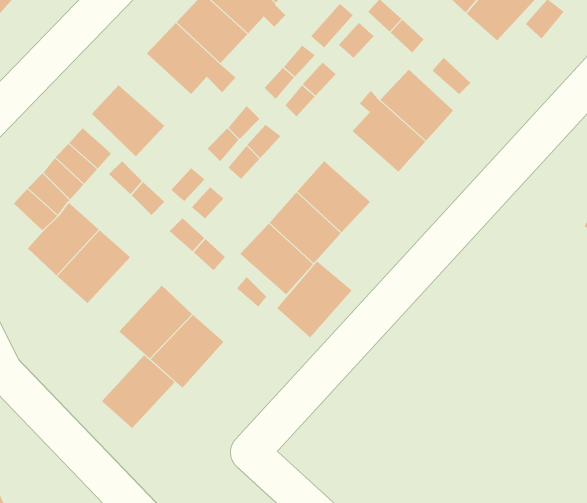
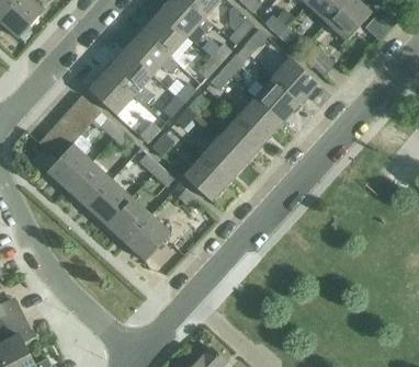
building: none -> [105,48,156,104]
building: none -> [236,98,283,142]
building: [276,261,353,338] -> none
building: [101,354,175,429] -> [86,177,133,225]

